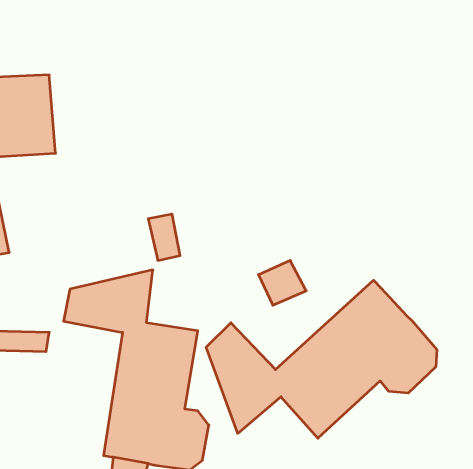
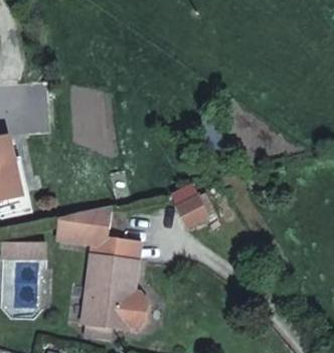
building: [206,280,437,438] -> none

